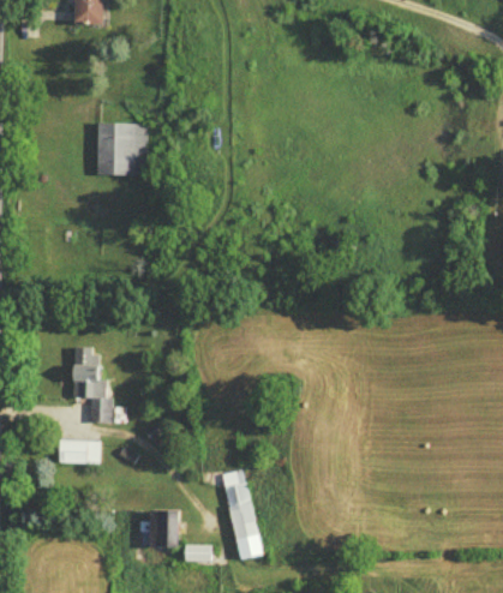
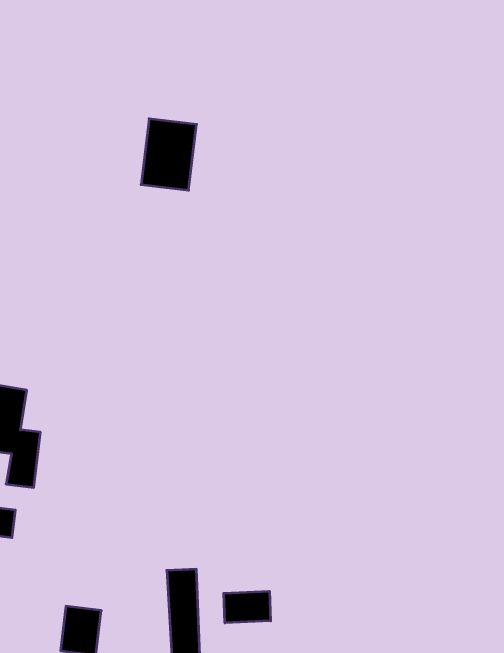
building: [97,125,134,176] -> [141,119,197,190]
building: none -> [224,591,271,623]

